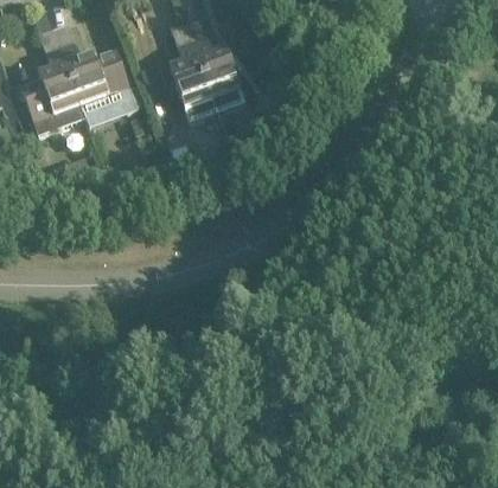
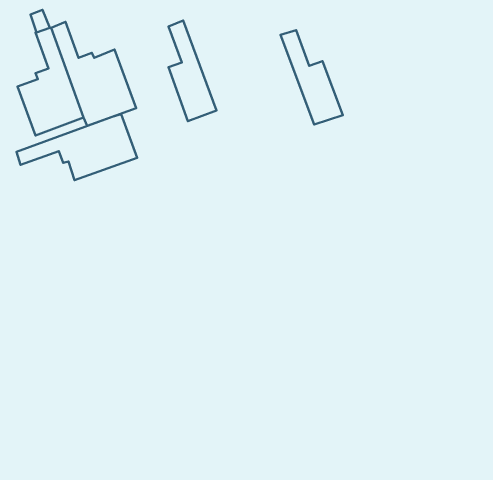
building: [185,17,247,110] -> [280,30,343,125]
building: none -> [16,114,137,180]

